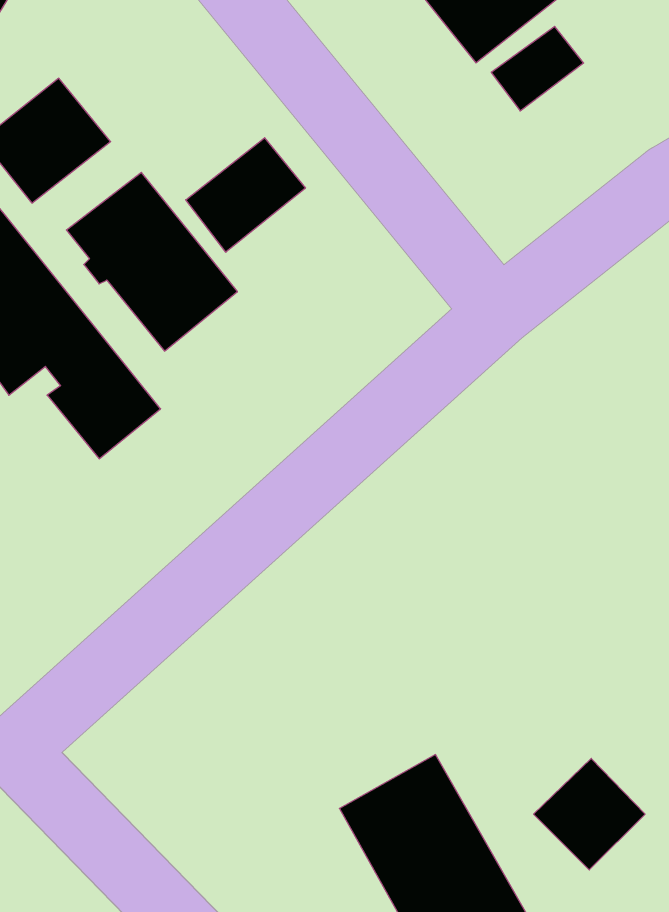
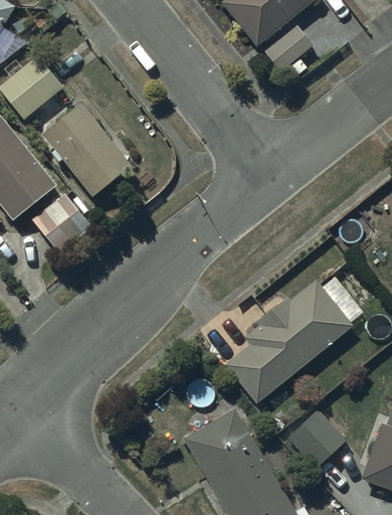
building: [186,138,305,252] -> none
building: none -> [226,280,352,402]

